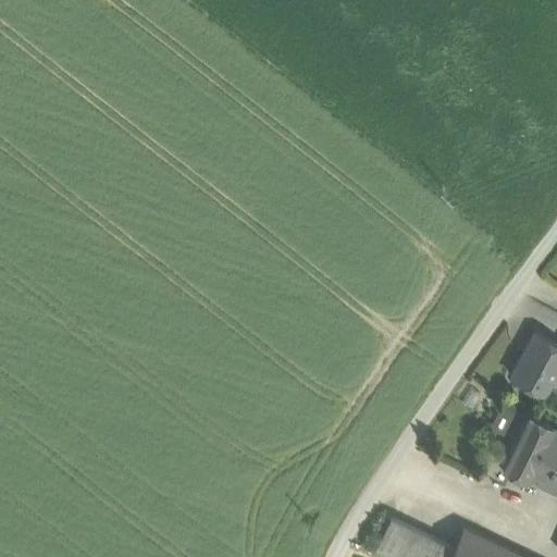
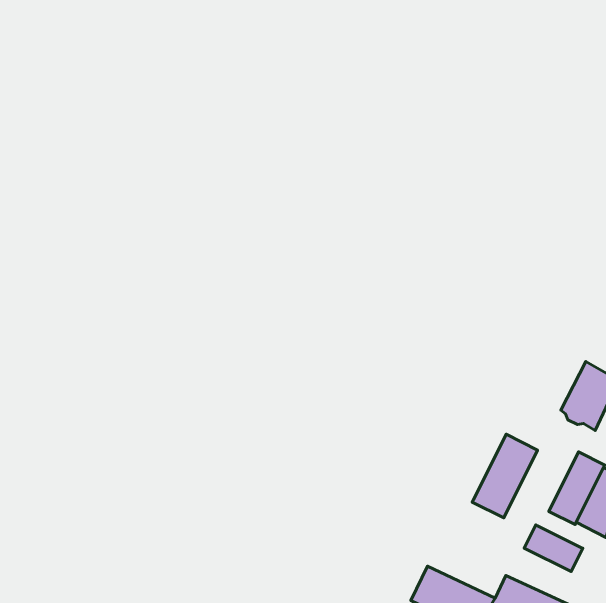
building: none -> [472,434,538,518]
building: none -> [524,525,583,572]

